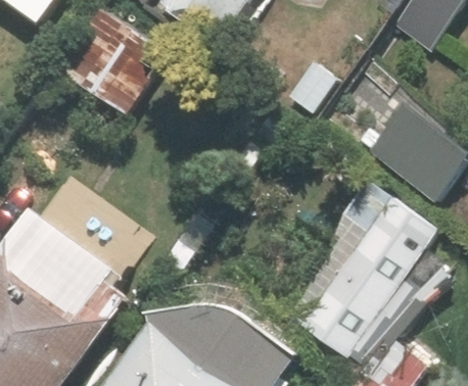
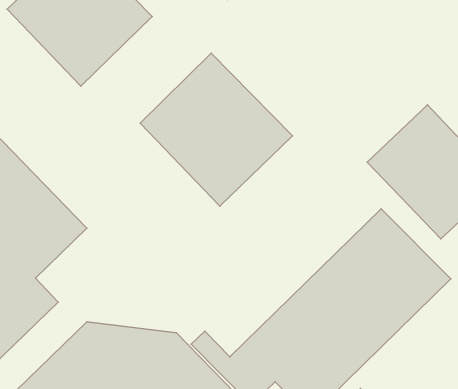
building: none -> [140,53,292,206]

